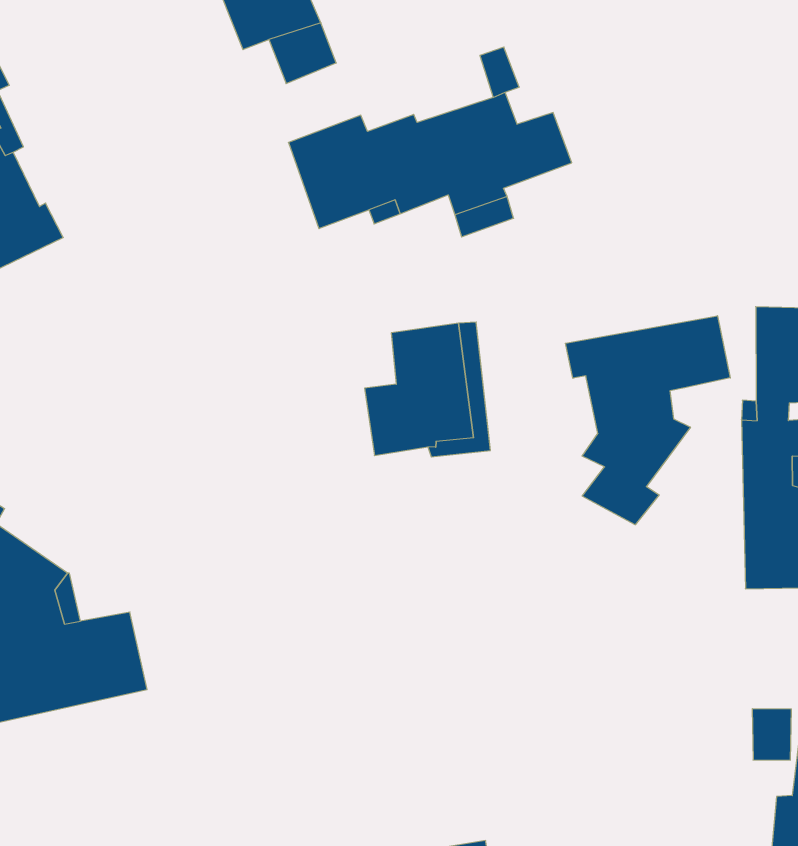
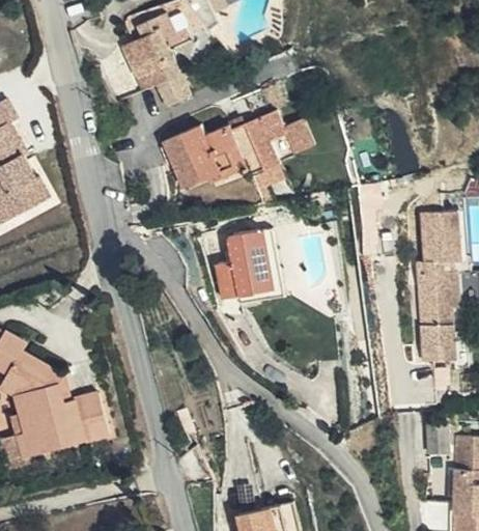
building: [565,316,730,525] -> none

